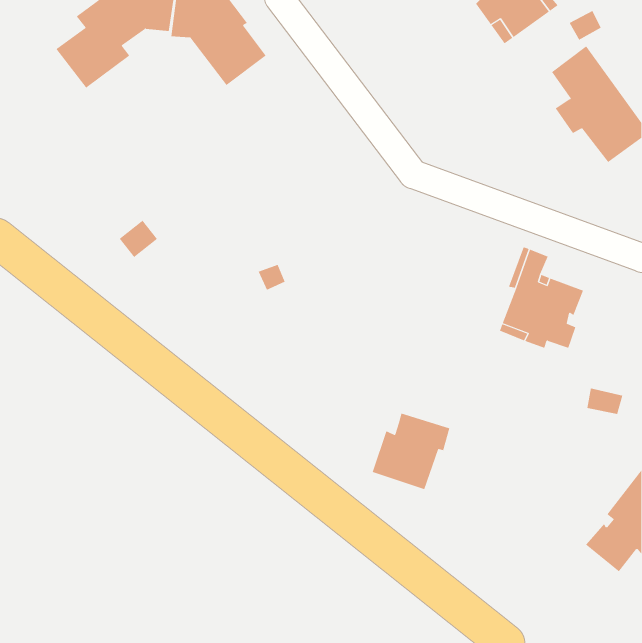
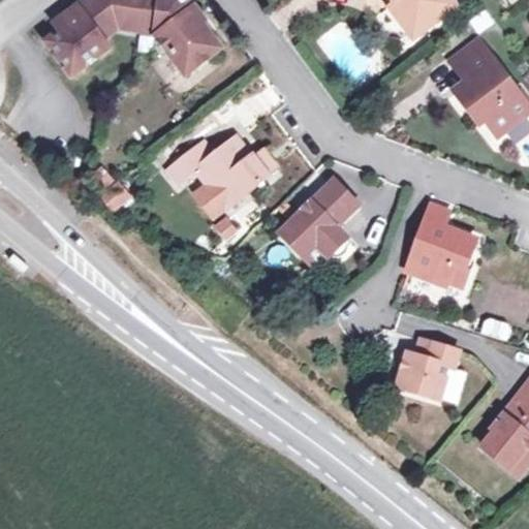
building: none -> [165,134,268,209]
building: none -> [281,180,359,261]
building: [372,413,450,490] -> [396,338,460,401]

